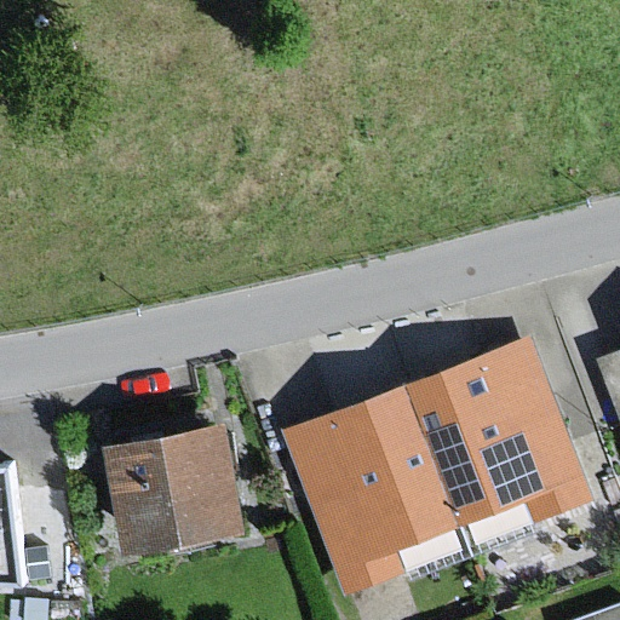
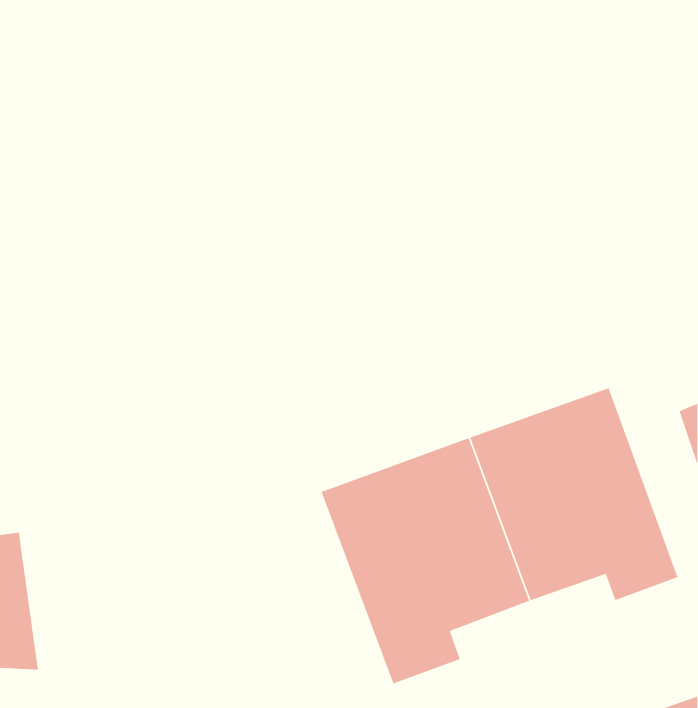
building: [104,424,245,558] -> none

